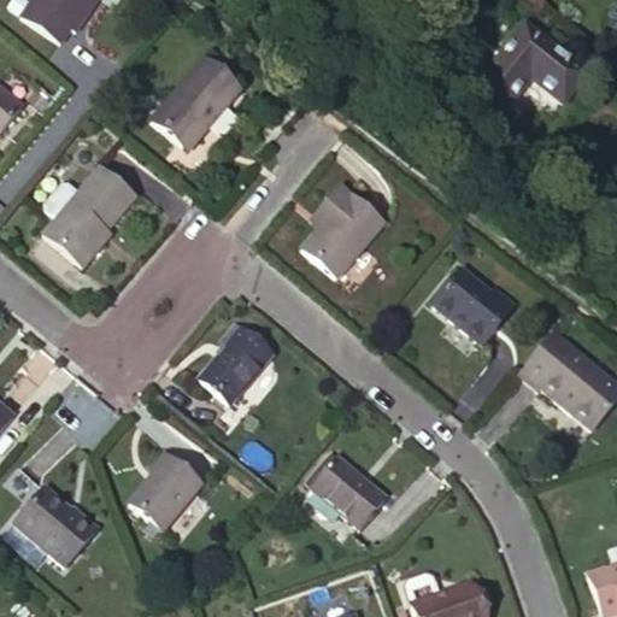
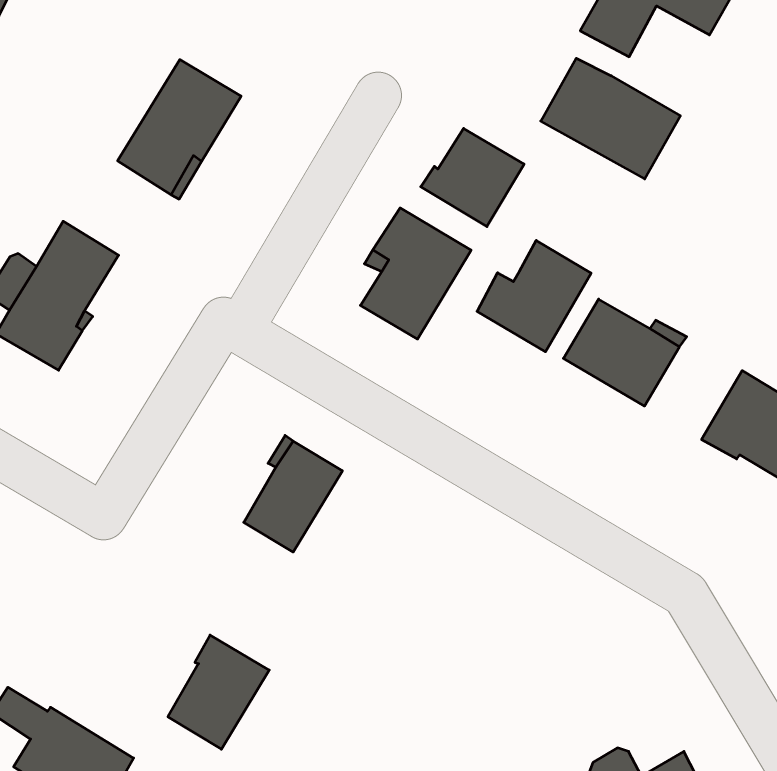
building: none -> [541,58,680,179]
building: none -> [421,128,524,227]
building: none -> [477,240,591,352]
building: [312,458,387,529] -> none

